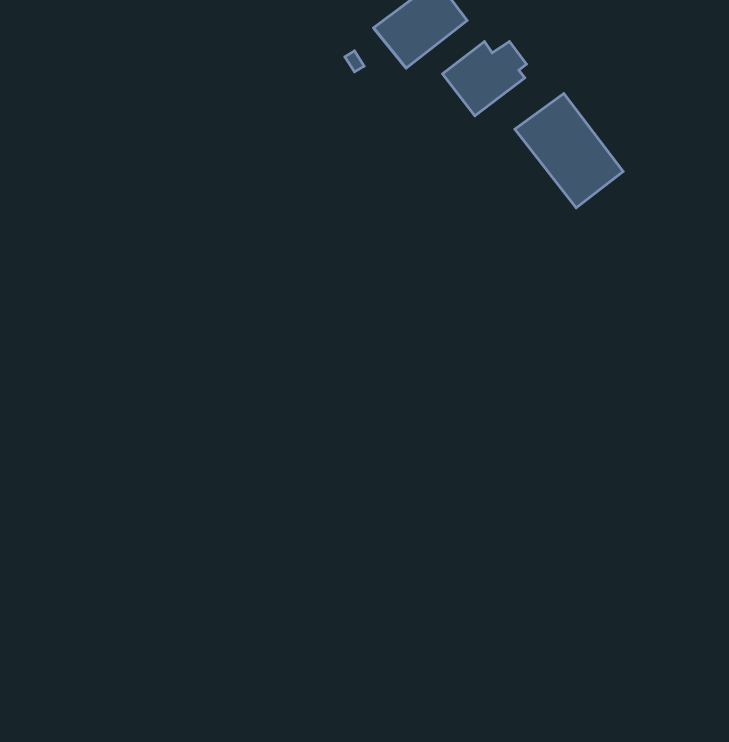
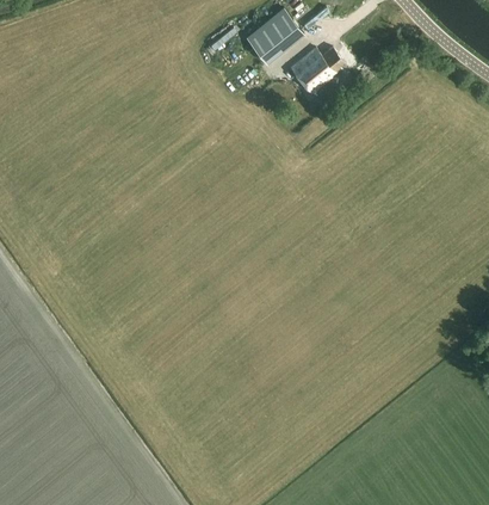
building: [515,93,623,208] -> none

